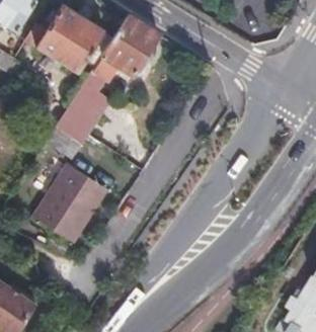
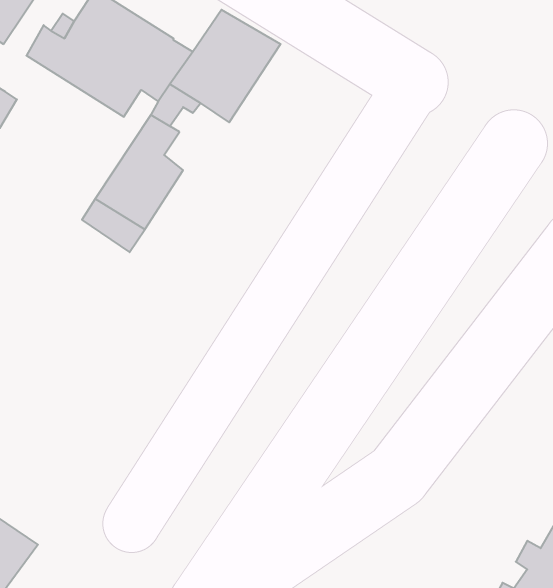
building: [35,162,109,241] -> none

